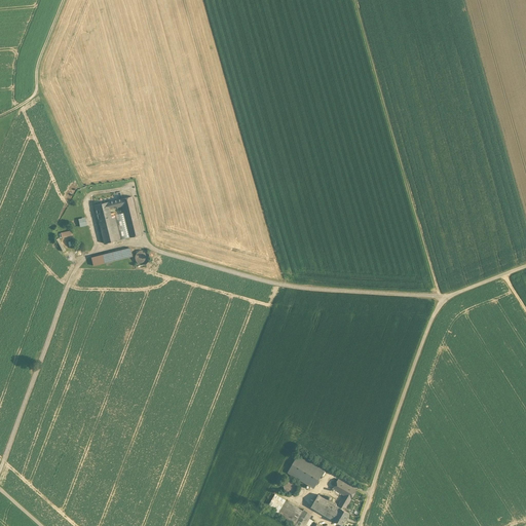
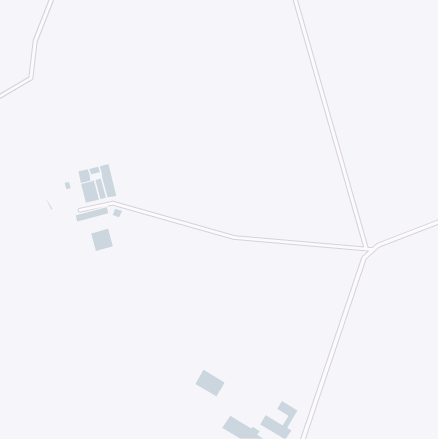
building: none -> [91,228,113,252]
building: [286,454,323,488] -> [194,369,225,397]

